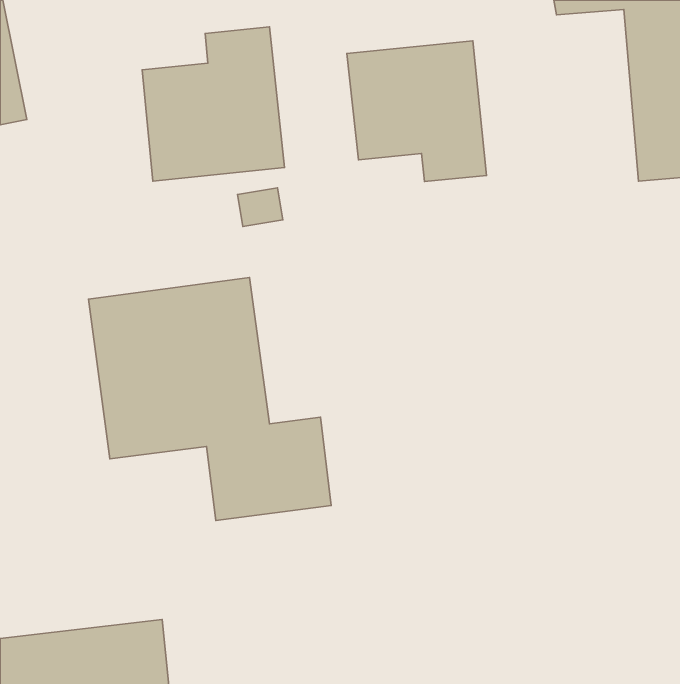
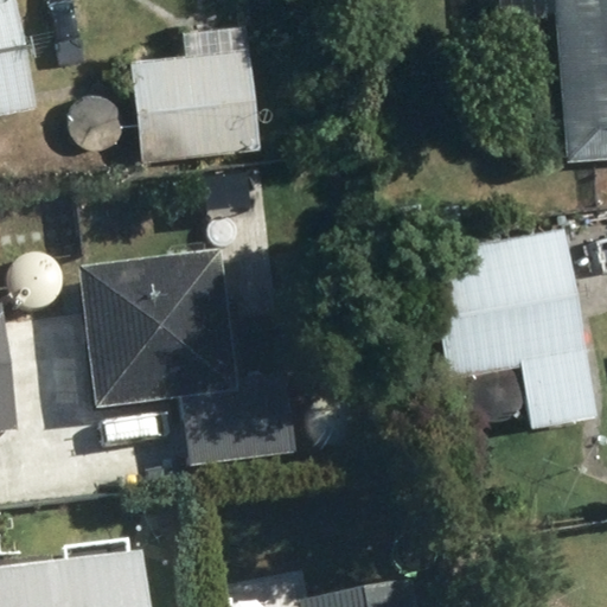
building: [347,41,486,182] -> none
building: none -> [376,202,595,428]

